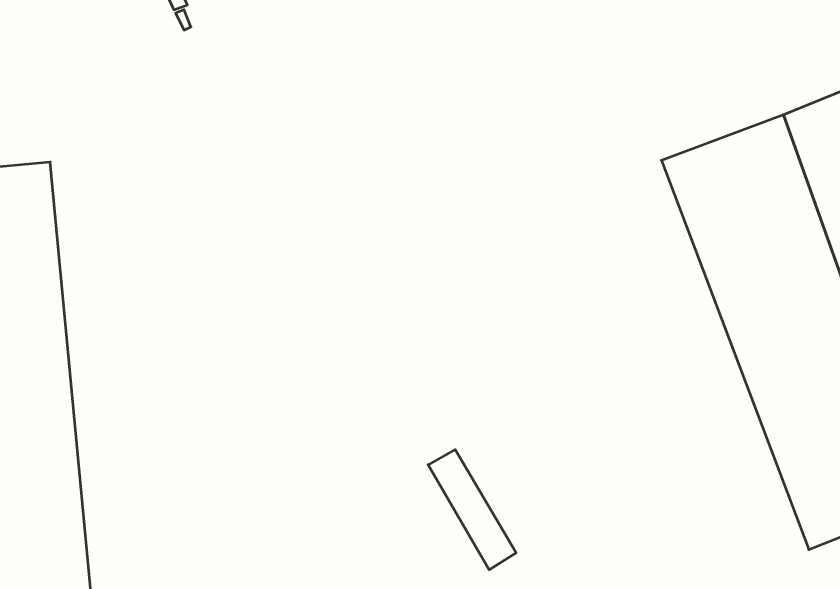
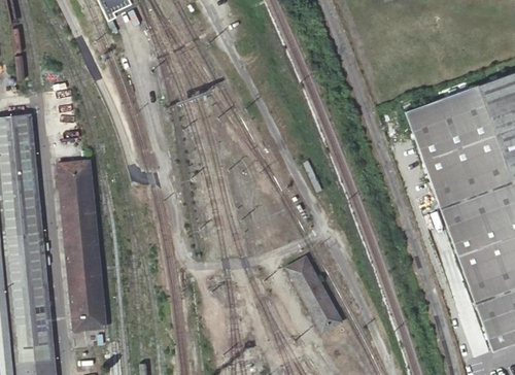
building: none -> [60,160,106,330]
building: [428,450,516,570] -> [287,261,341,334]

